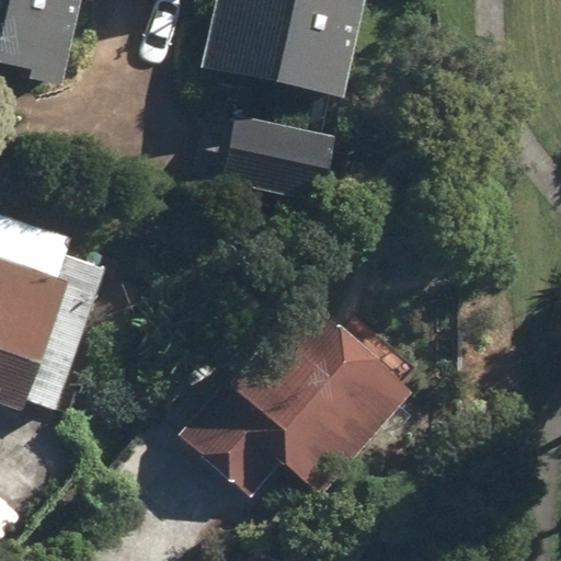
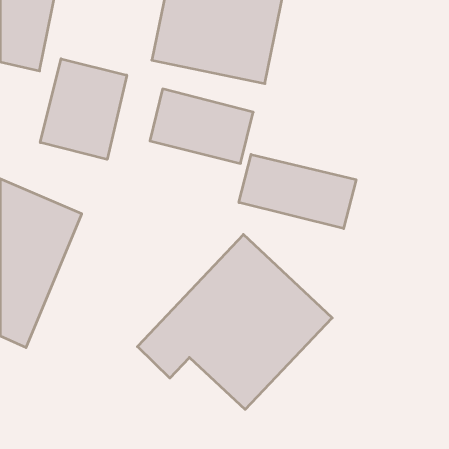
building: none -> [40,59,127,159]
building: none -> [239,154,356,229]

